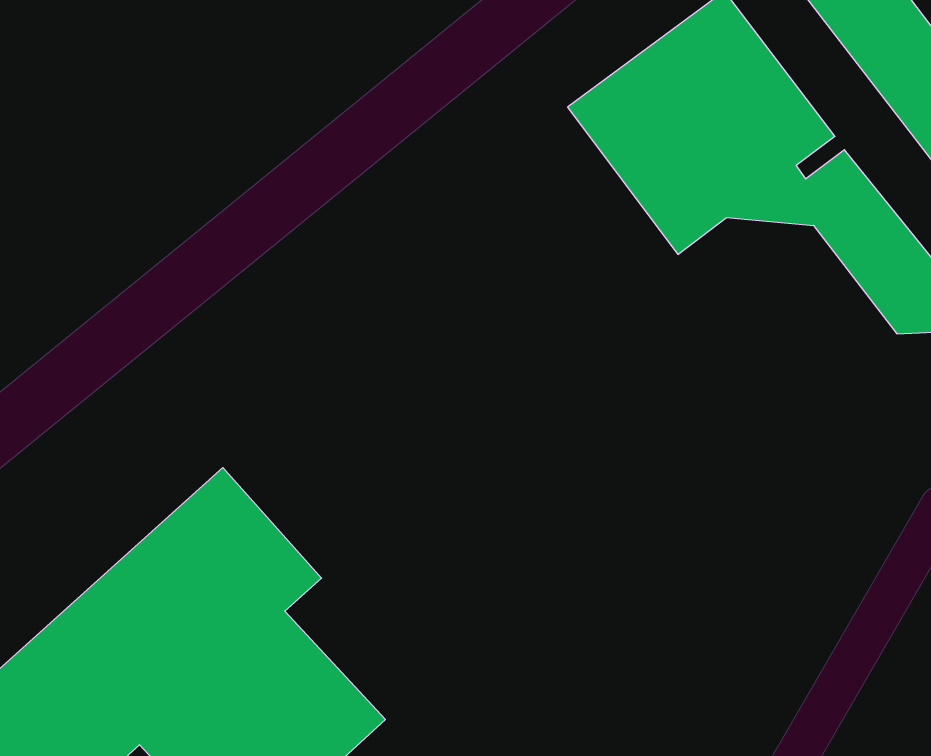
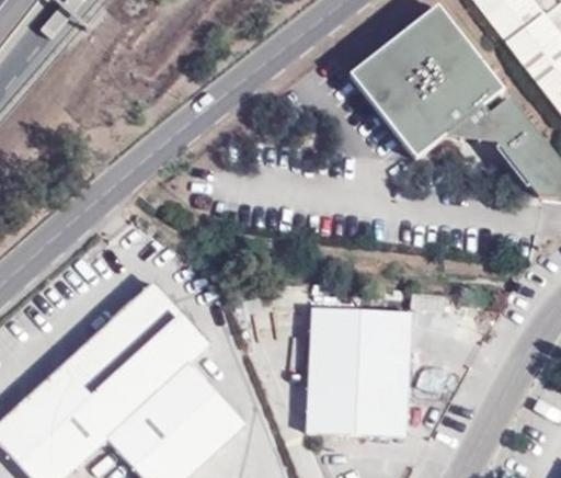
building: none -> [307,307,411,433]

